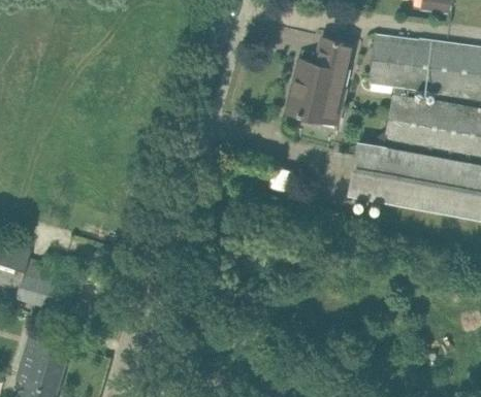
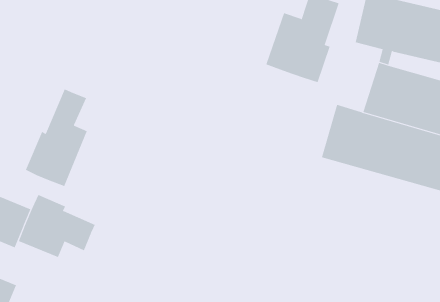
building: none -> [25,89,88,187]
building: none -> [18,194,95,258]

